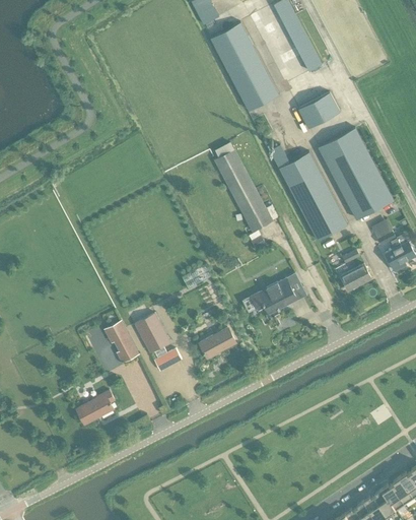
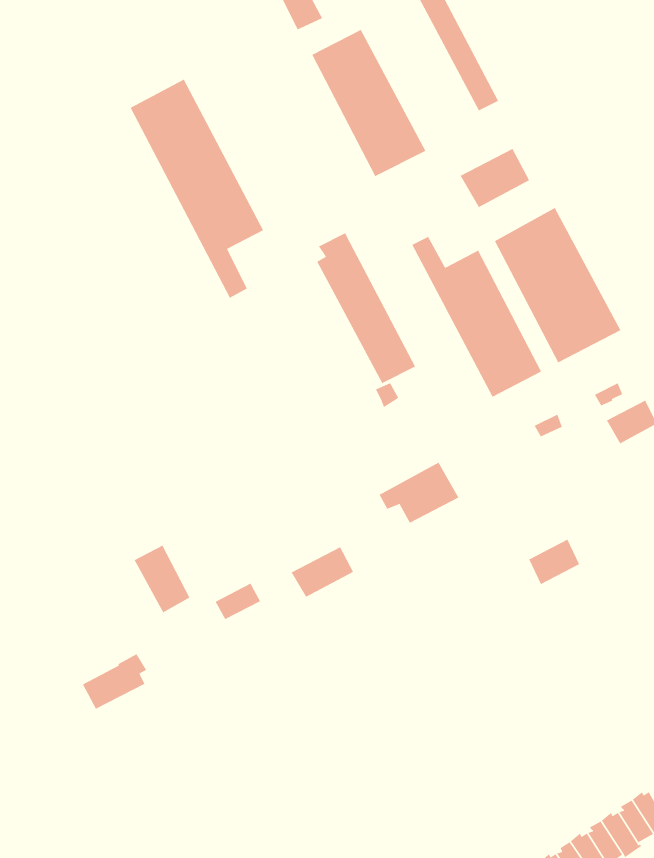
building: none -> [130,79,264,299]
building: [341,264,371,291] -> [528,539,580,585]
building: [135,314,170,353] -> none

